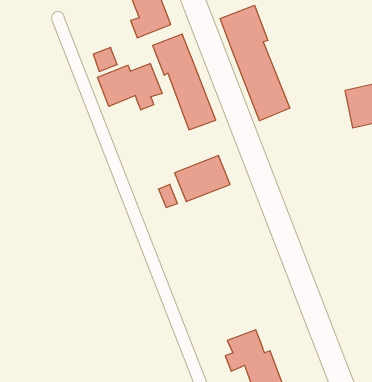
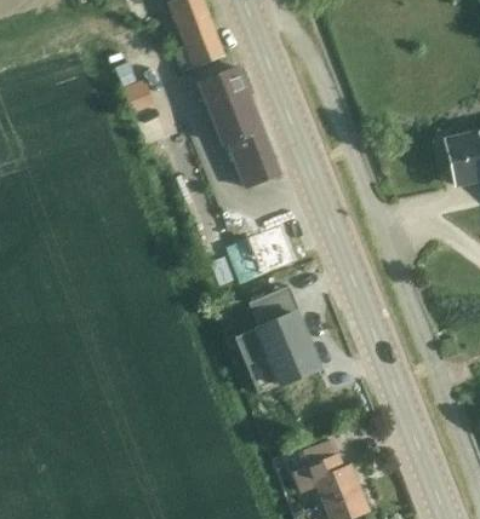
building: [220,5,290,121] -> none
building: [97,63,162,110] -> none
building: none -> [234,288,320,386]

